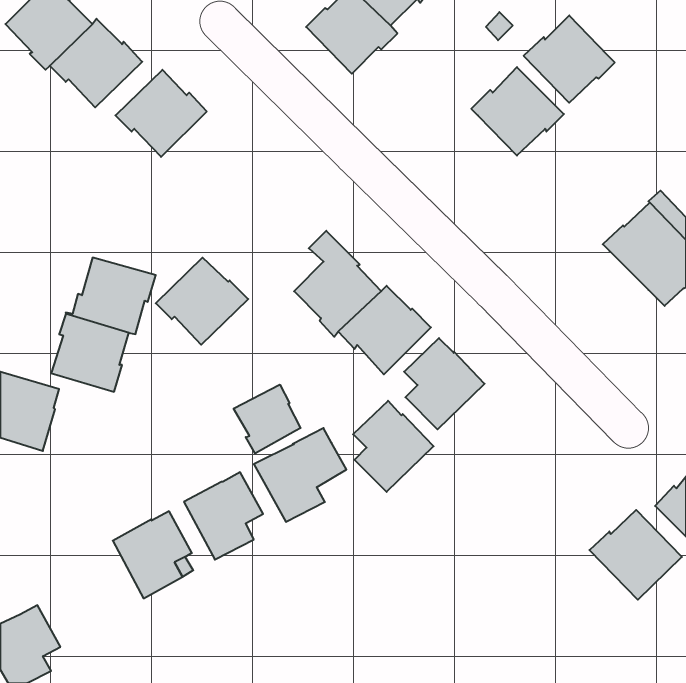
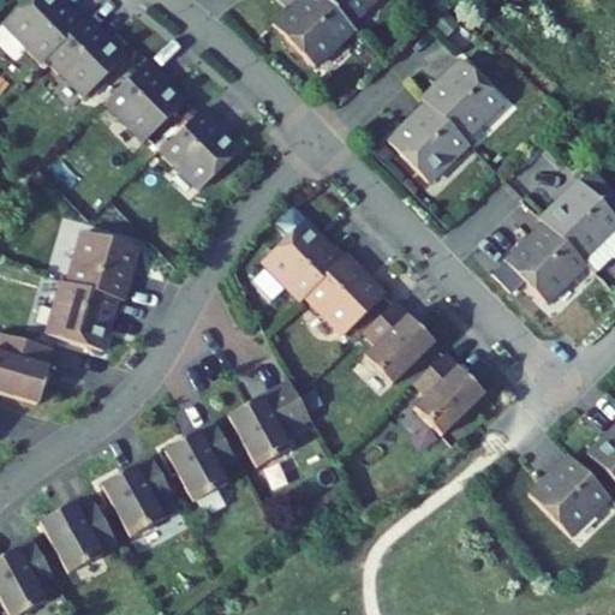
building: [524,15,615,103] -> [387,103,468,181]
building: none -> [506,225,587,301]
building: [156,258,248,345] -> [159,111,241,189]
building: [234,385,301,453] -> none
building: [353,401,434,492] -> [412,354,484,436]
building: none -> [40,496,117,573]

